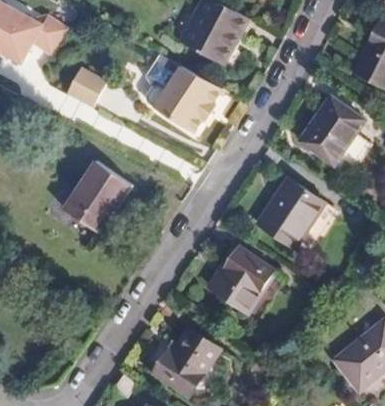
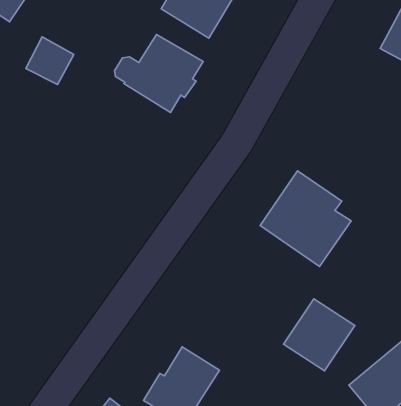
building: [300,98,365,167] -> none
building: [58,150,125,221] -> none
building: [213,252,274,314] -> [284,299,355,371]

